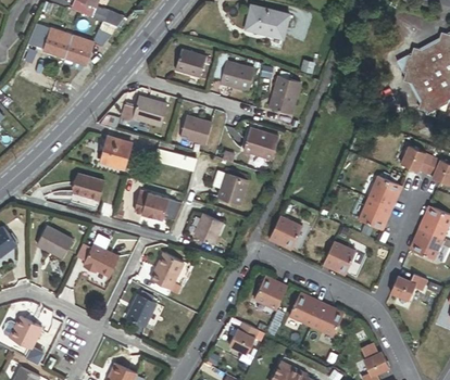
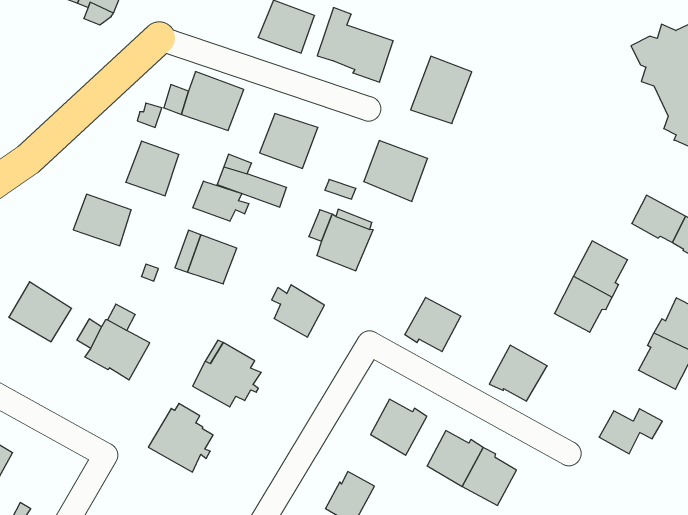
building: none -> [193,181,249,221]

